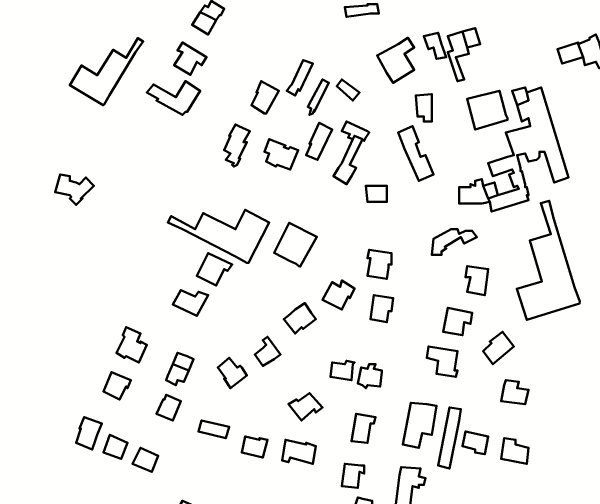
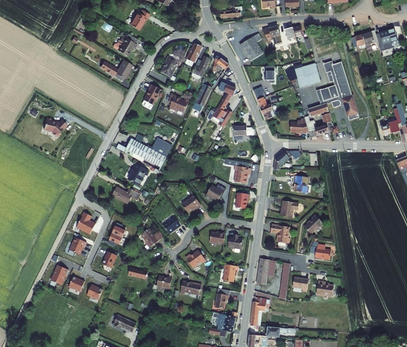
building: [70,38,143,105] -> none
building: [517,201,580,320] -> none
building: [274,223,317,266] -> none

